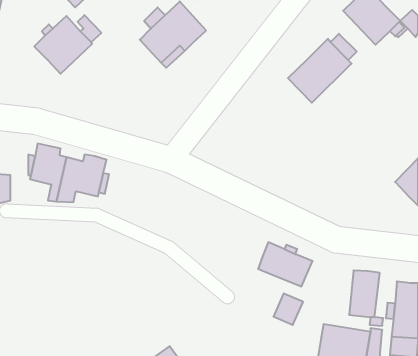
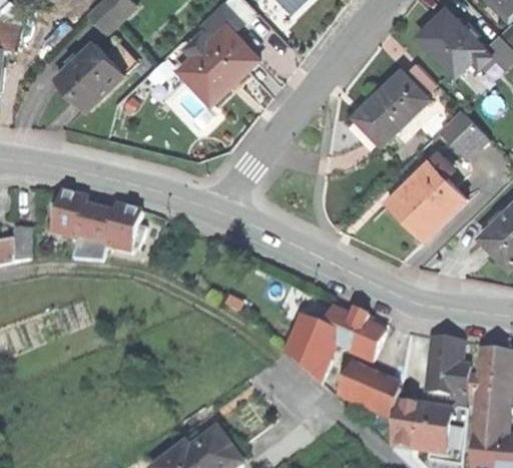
building: none -> [439,106,485,152]
building: none -> [389,152,466,237]
building: none -> [286,317,336,383]
building: none -> [361,377,399,419]

